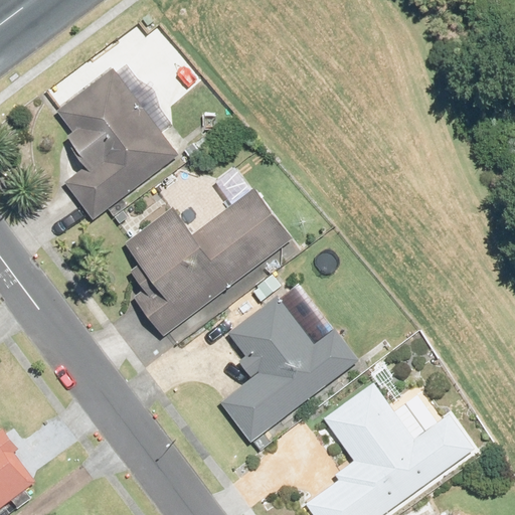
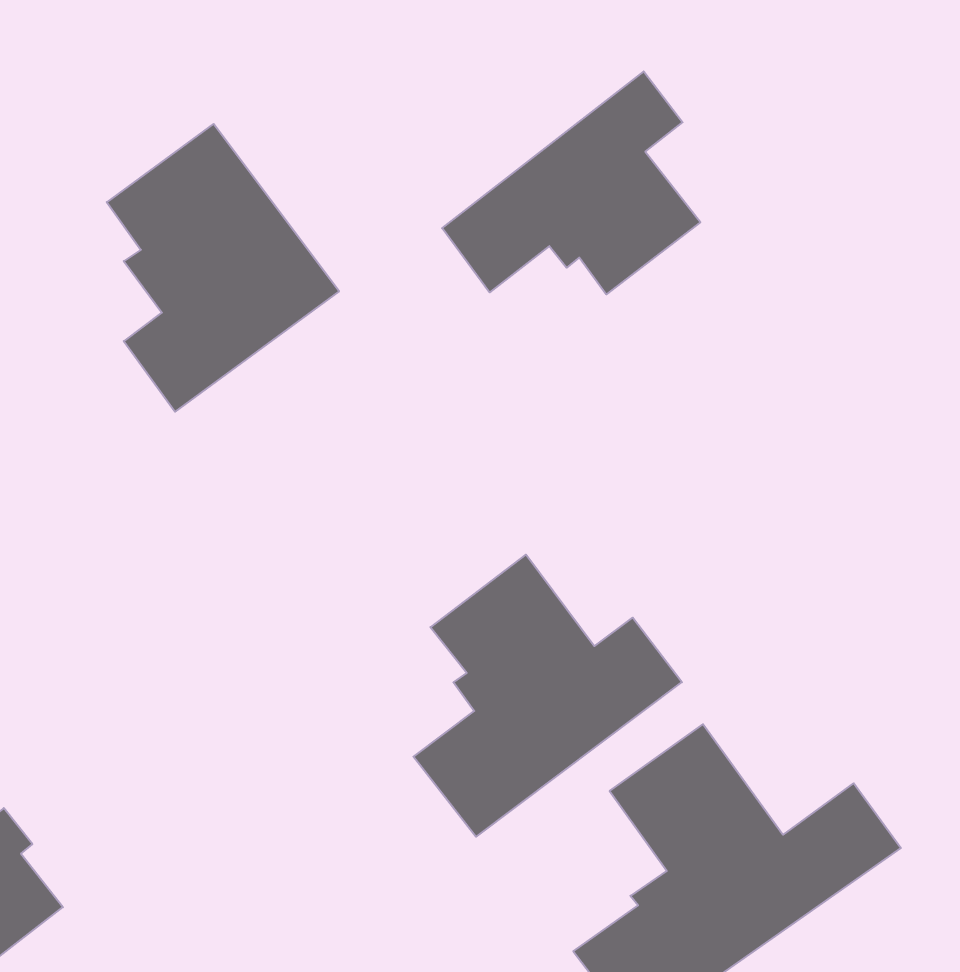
building: none -> [442,71,700,294]
building: [126,180,300,342] -> none

